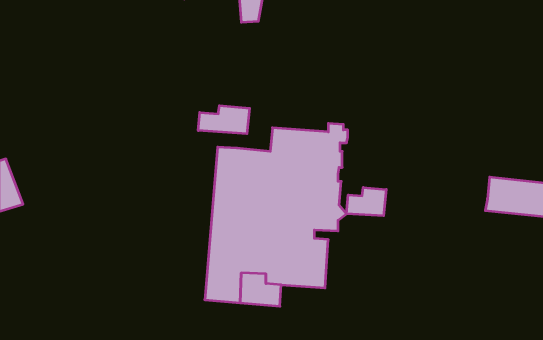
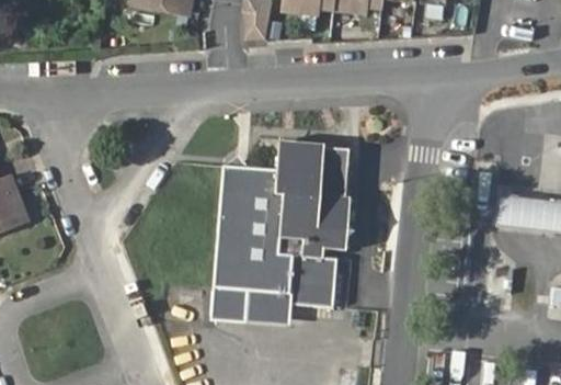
building: [198,106,250,134] -> none
building: [347,187,386,216] -> none

